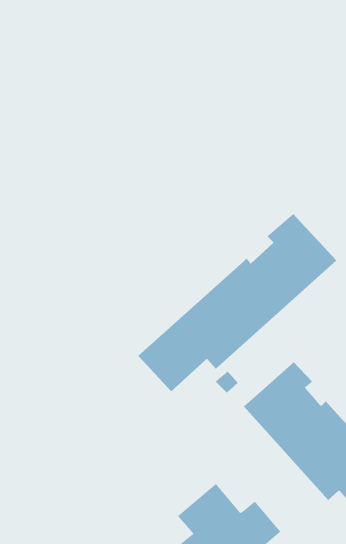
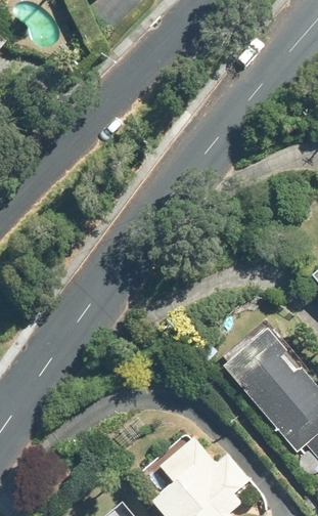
building: [137,213,337,392] -> none

